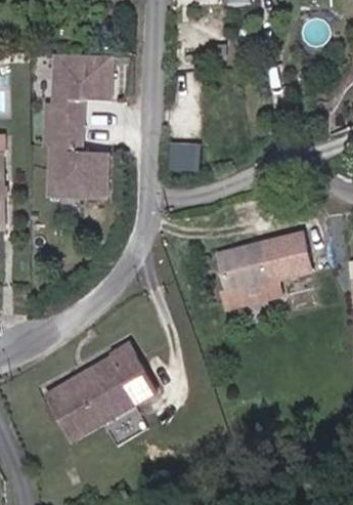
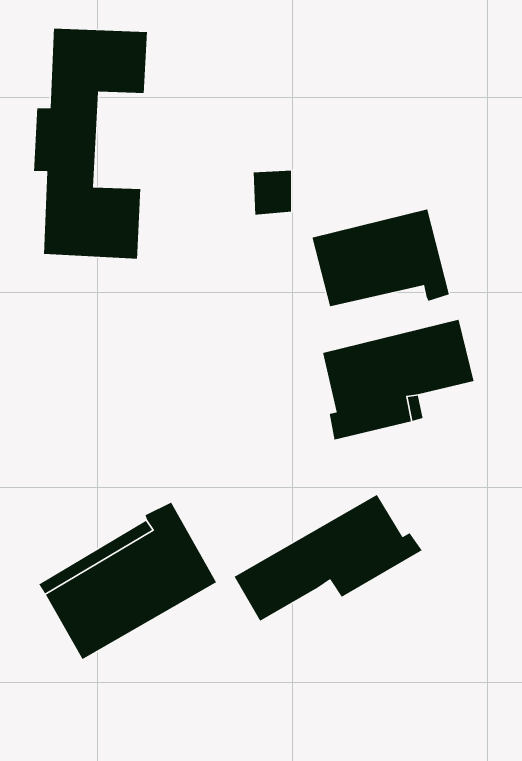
building: none -> [312,208,450,307]
building: none -> [234,494,423,622]

